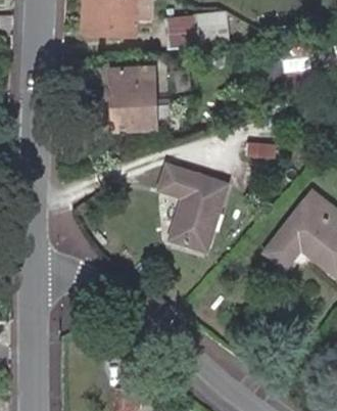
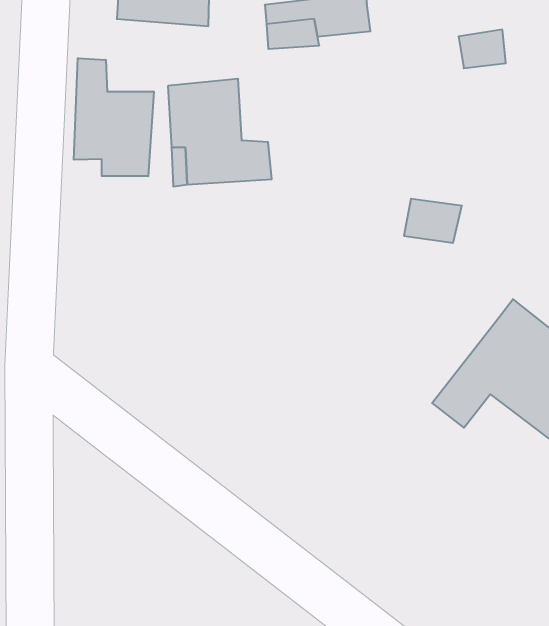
building: none -> [74,58,154,176]
building: [160,163,228,248] -> none

